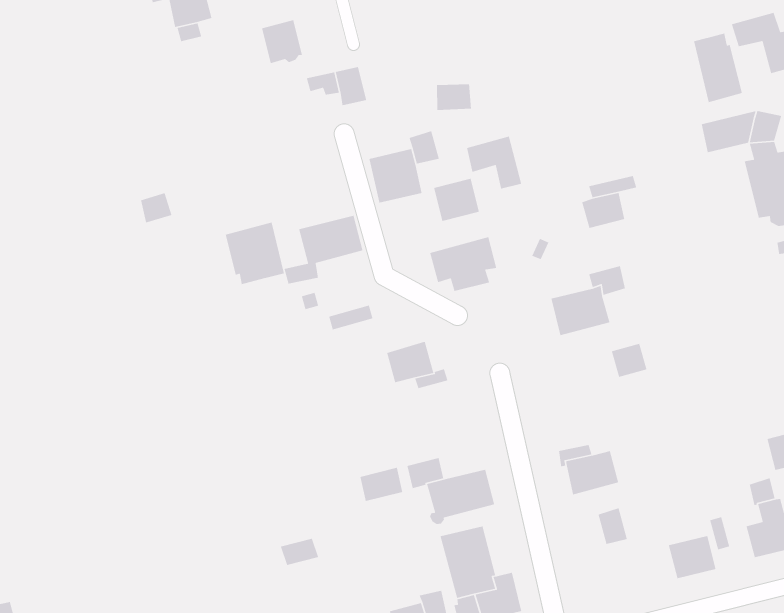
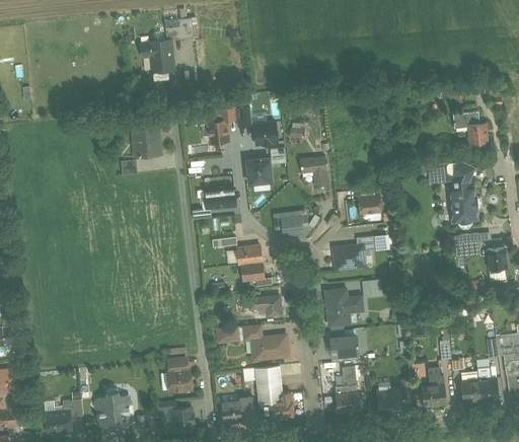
building: [261,19,303,64] -> [208,121,228,144]
building: [693,32,743,103] -> none
building: none -> [130,126,159,157]
building: [433,178,480,222] -> [253,123,277,144]
building: [225,221,285,285] -> none
building: none -> [236,244,262,264]
building: none -> [325,289,362,325]
building: none -> [249,295,281,314]
building: none -> [335,384,359,411]
building: none -> [166,369,192,390]

